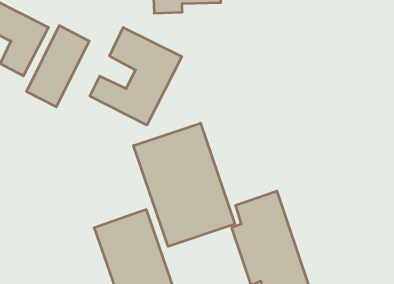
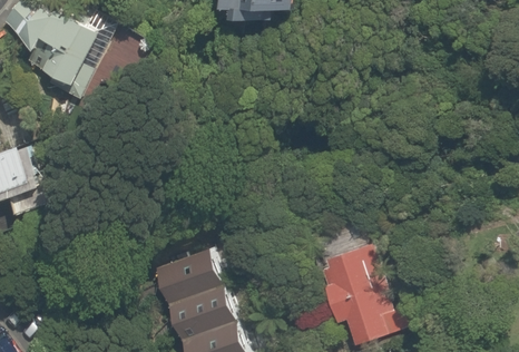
building: [90,27,182,125] -> none
building: [134,123,235,246] -> none

